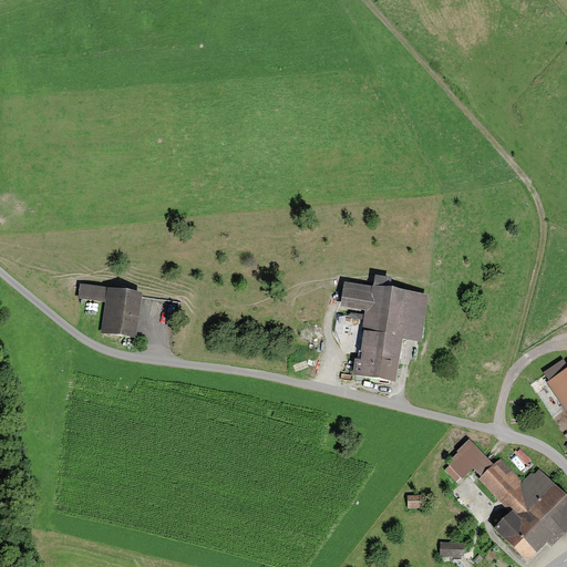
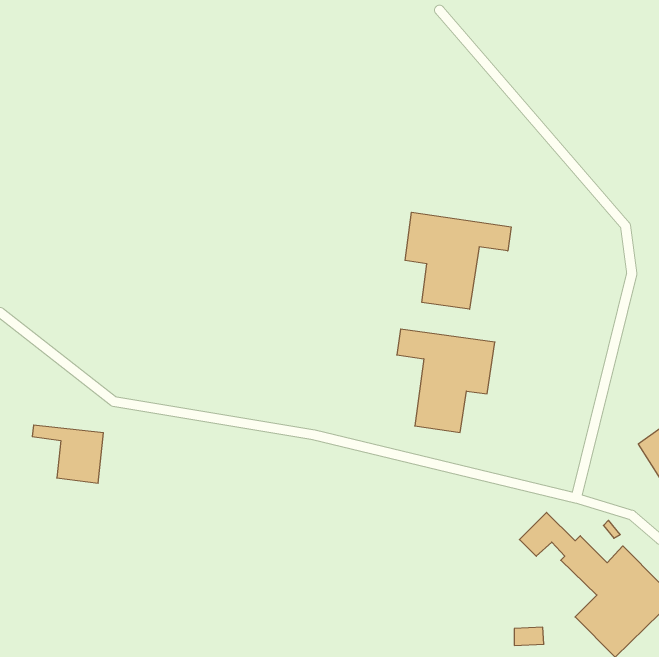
building: none -> [405,212,511,309]
building: [79,286,140,336] -> [32,425,103,483]

